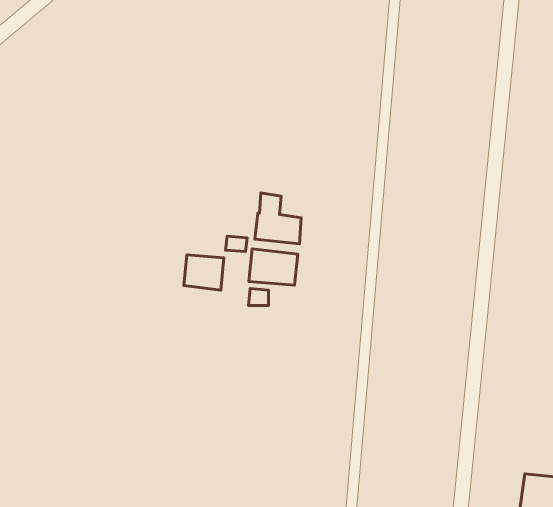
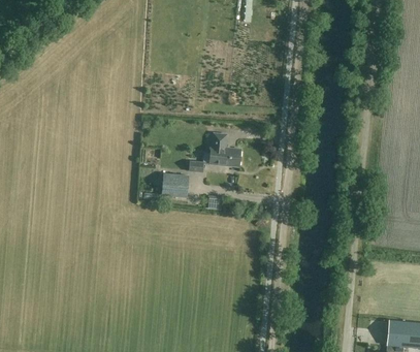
building: [249,249,298,285] -> none

